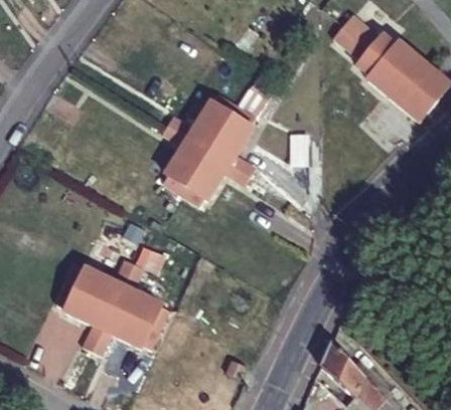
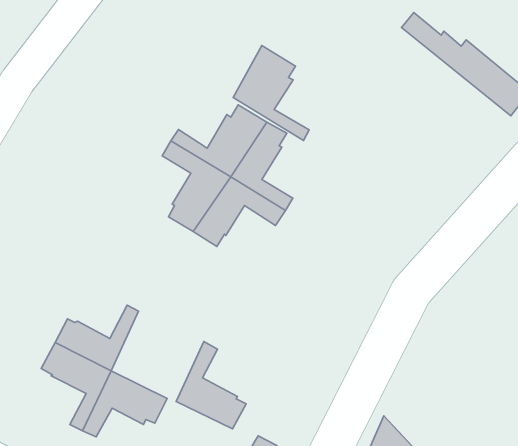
building: [340,30,436,122] -> none
building: none -> [233,46,309,141]
building: [113,259,169,330] -> [176,342,246,429]

